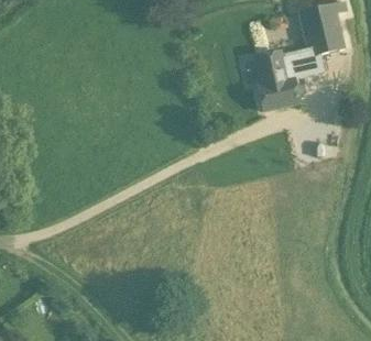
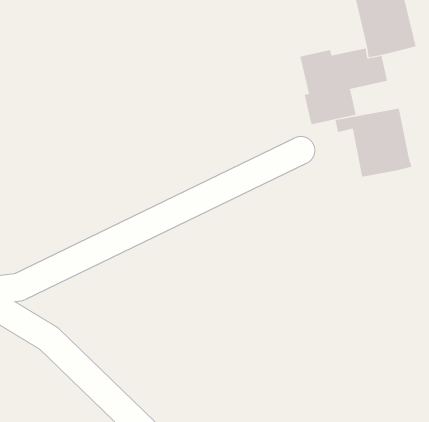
building: none -> [335,108,412,178]

